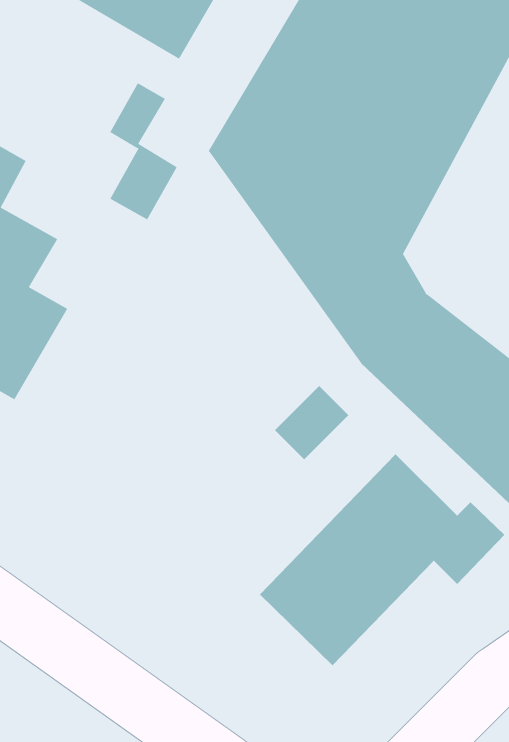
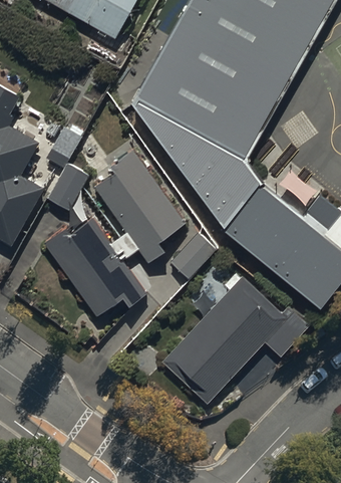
building: [109,82,178,220] -> [47,128,88,211]
building: none -> [46,150,189,316]

